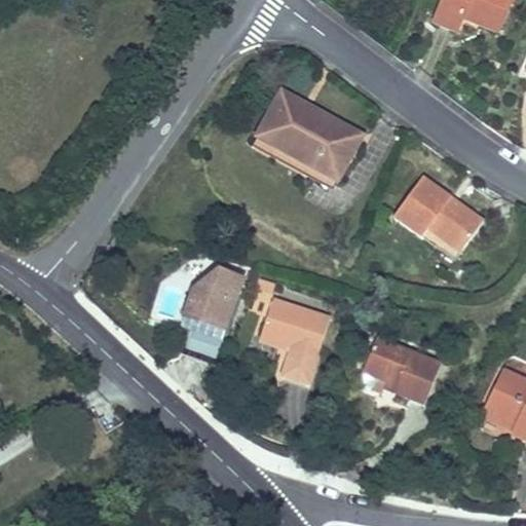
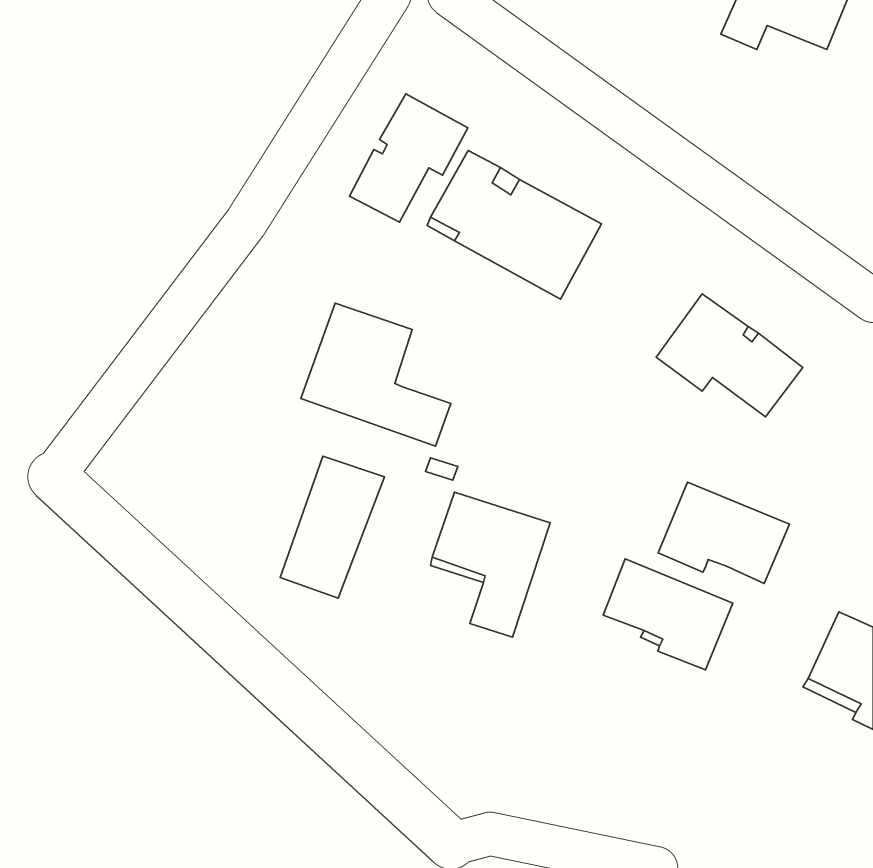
building: none -> [350,94,468,222]
building: none -> [301,303,451,446]
building: none -> [658,482,790,583]

